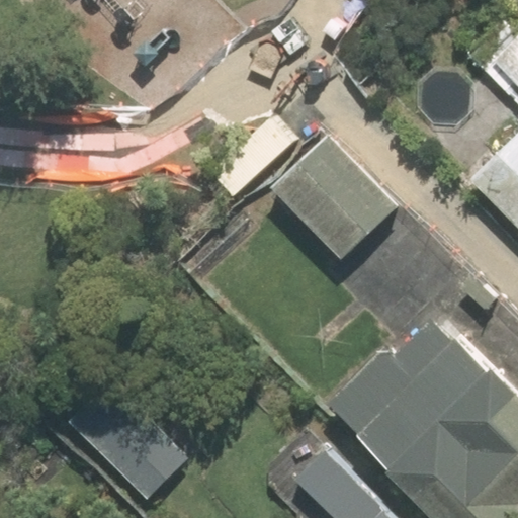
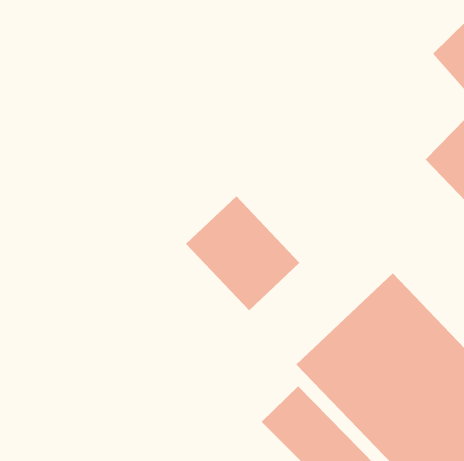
building: [269,136,397,264] -> [185,196,300,311]
building: [56,376,193,507] -> none

